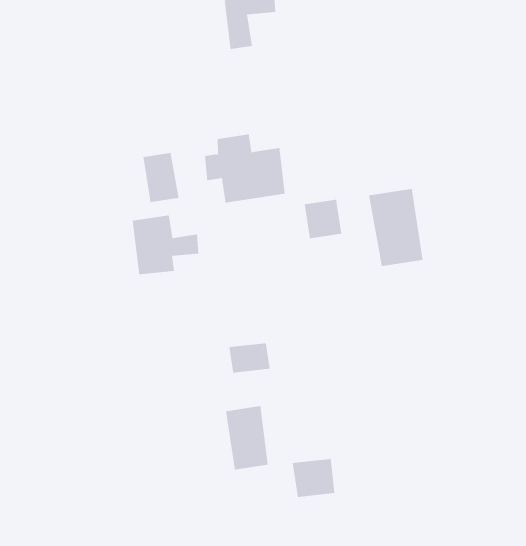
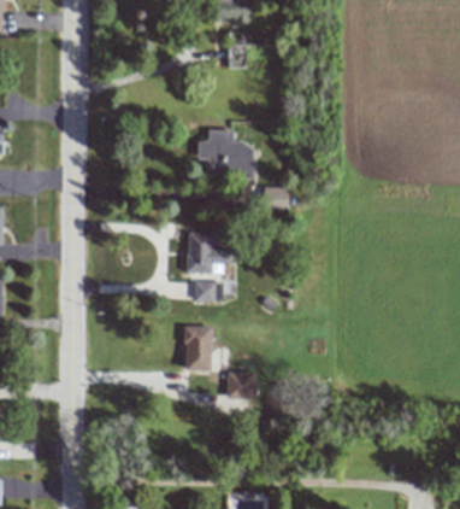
building: [143,152,179,203] -> none
building: [368,188,423,267] -> none
building: [132,215,199,275] -> [185,233,232,274]

